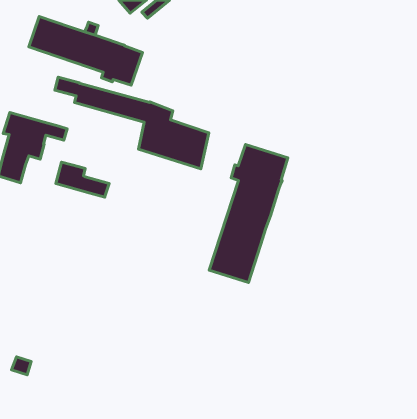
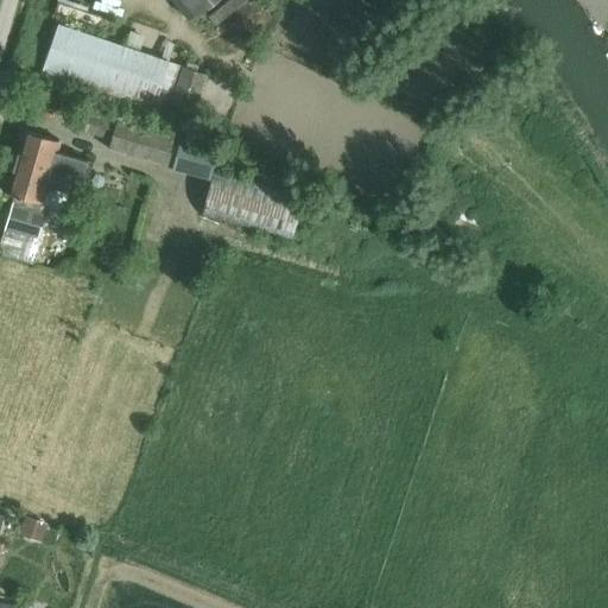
building: [209,144,288,283] -> none
building: [56,162,109,197] -> [14,132,91,183]

